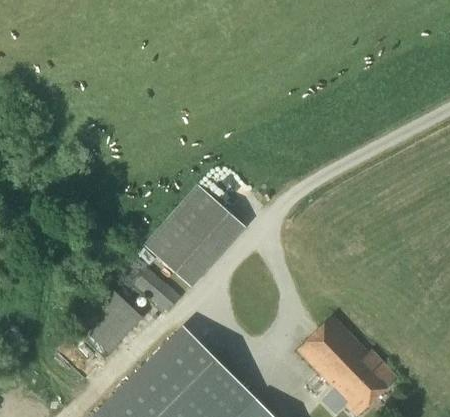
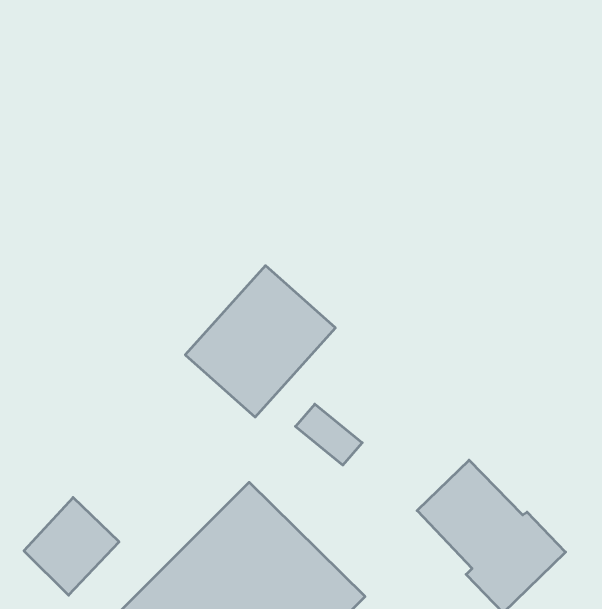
building: [136,270,181,311] -> [295,404,362,465]
building: [79,288,143,354] -> [24,497,119,595]

